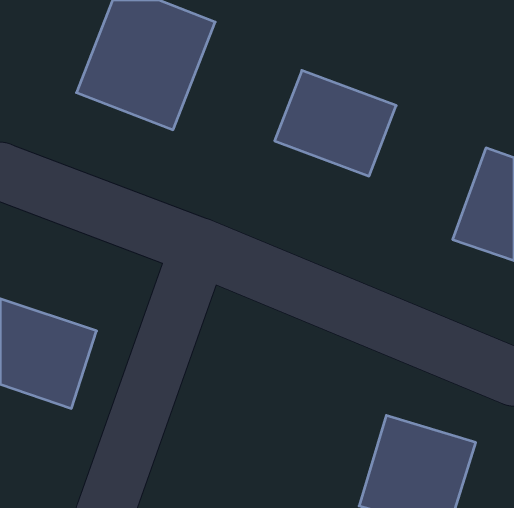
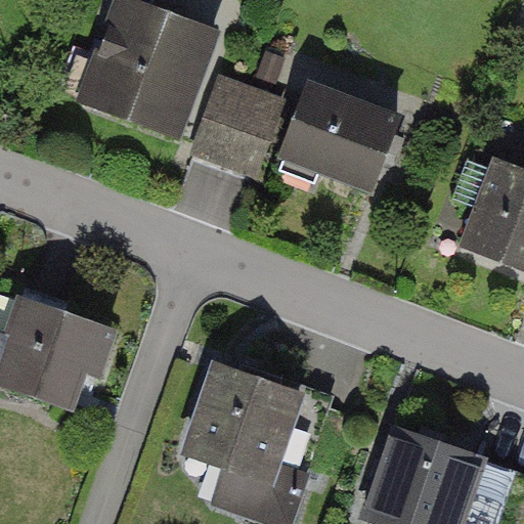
building: none -> [187,75,290,183]
building: none -> [176,356,307,513]

